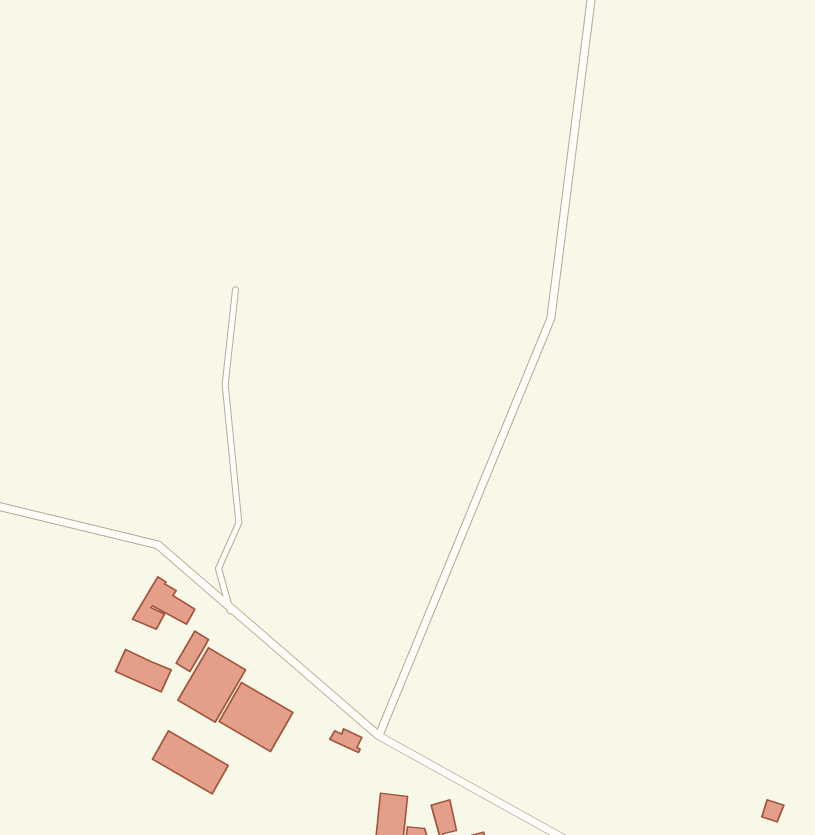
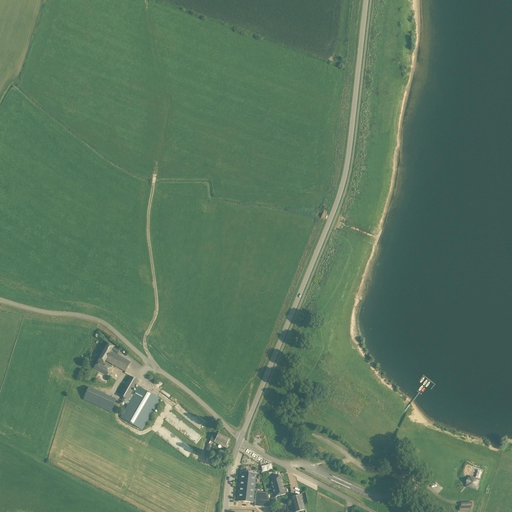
building: [219,683,293,751] -> none
building: [153,731,228,794] -> none

